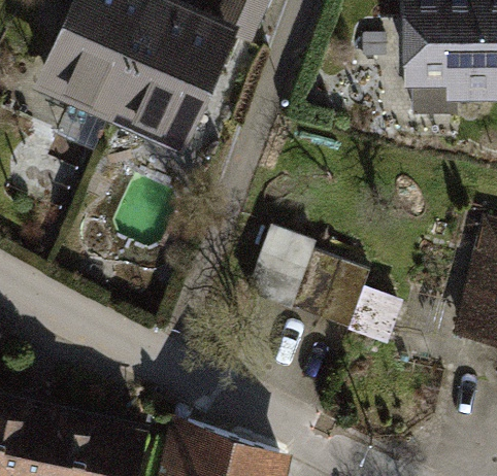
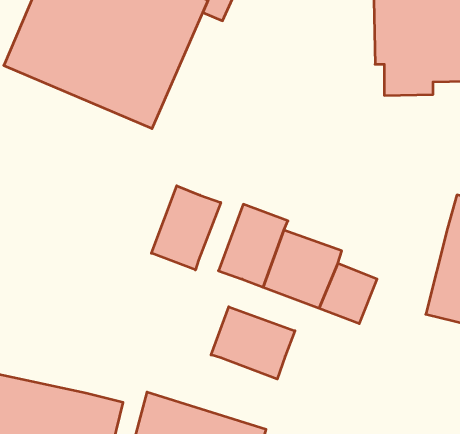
building: none -> [151,186,221,270]
building: none -> [211,307,295,379]

